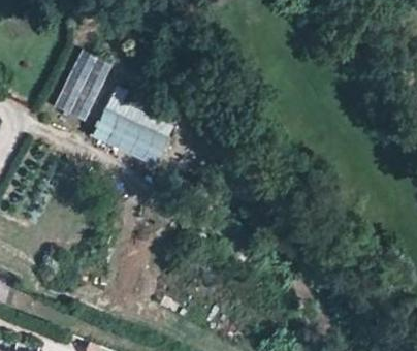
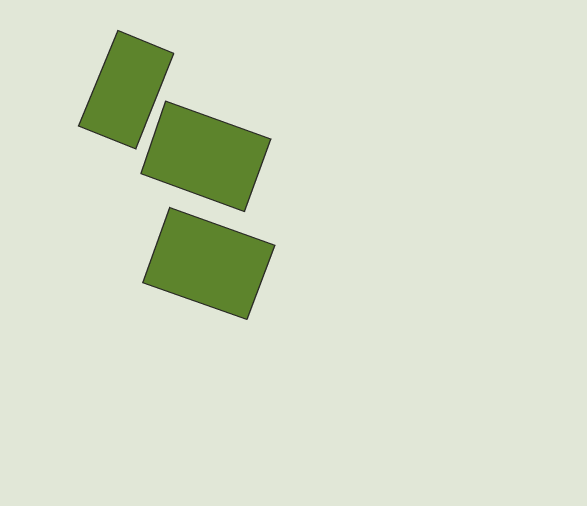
building: none -> [143,207,275,319]

